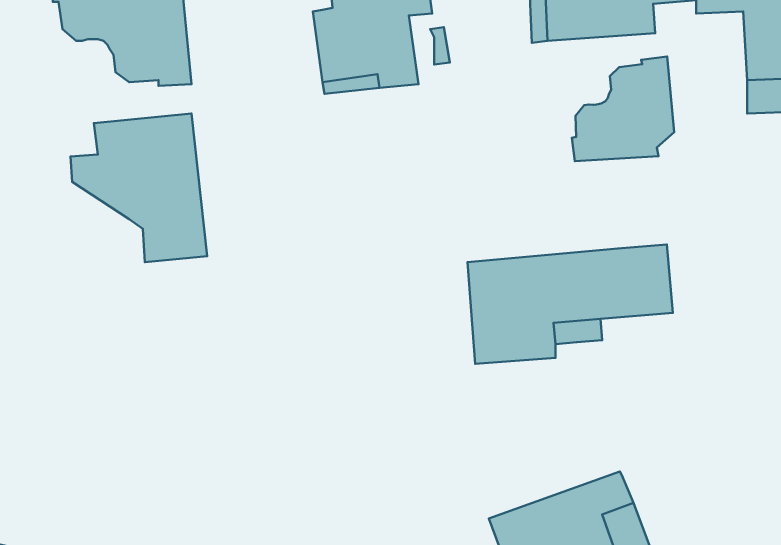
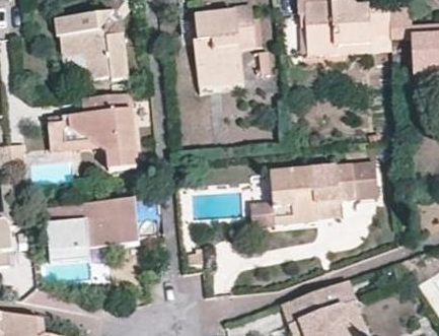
building: [572,57,674,161] -> none
building: none -> [44,115,95,152]
building: none -> [44,197,157,264]

